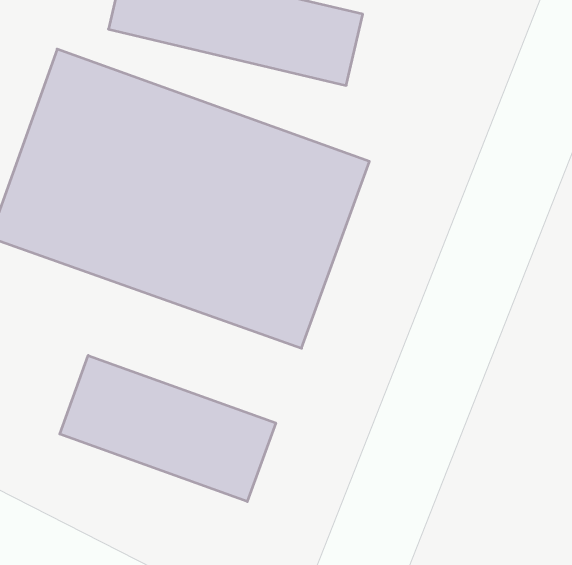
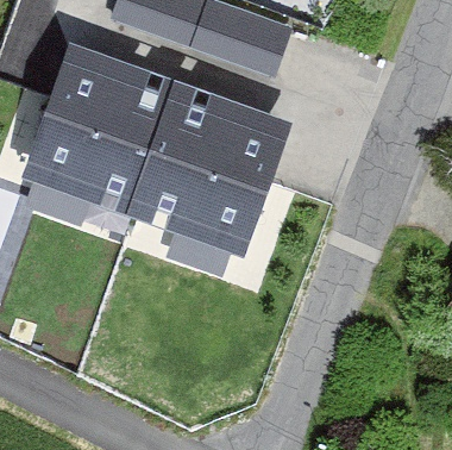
building: [60,355,276,502] -> none

